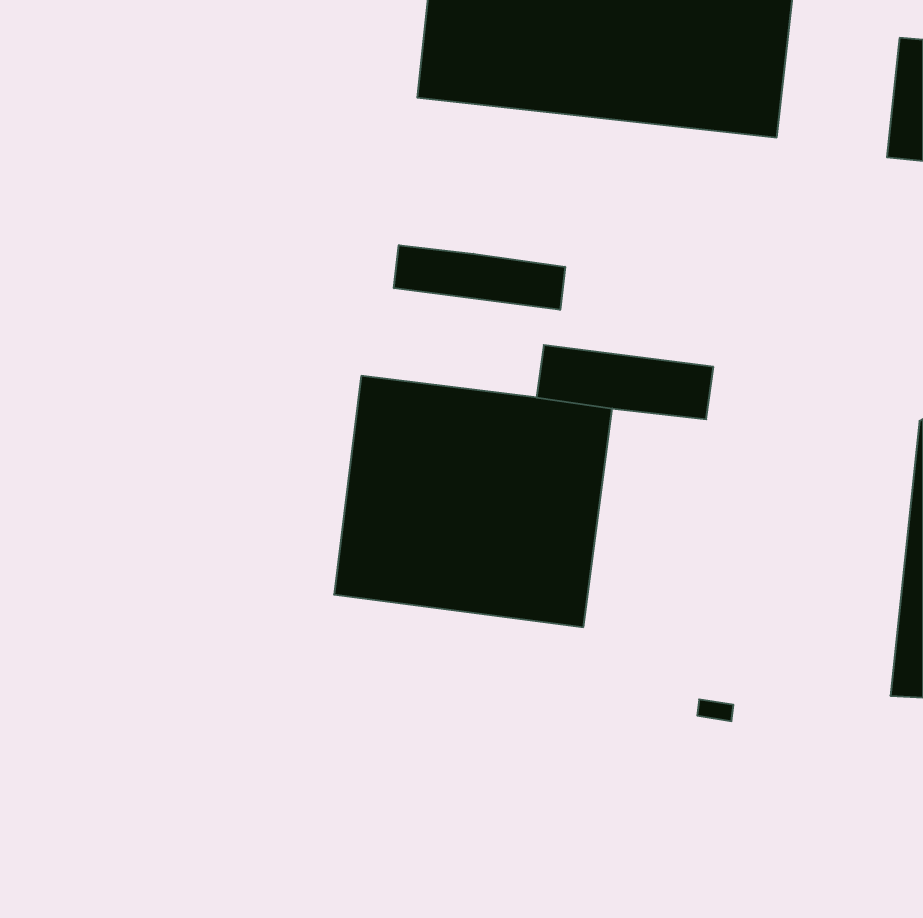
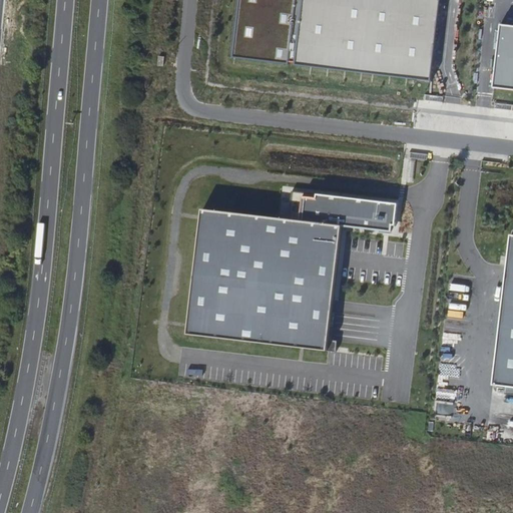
building: [394,245,565,310] -> none

